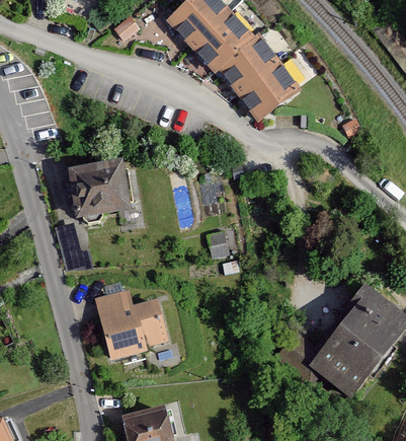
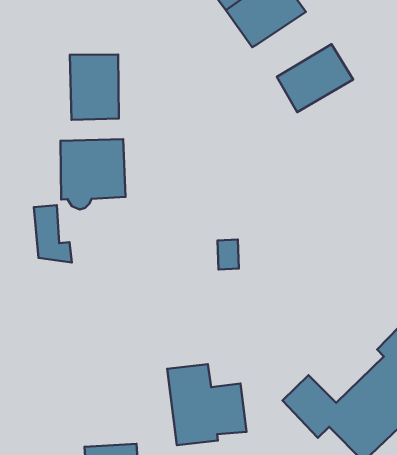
building: [220,35,279,94] -> none
building: none -> [70,54,119,120]
building: [96,289,167,358] -> [167,364,246,445]

